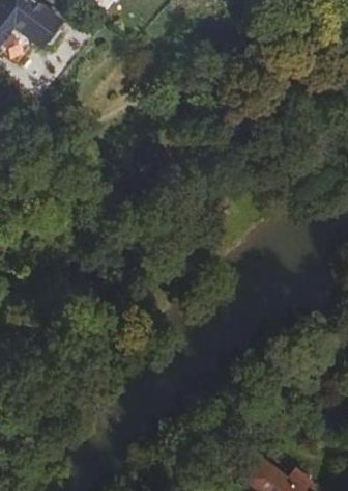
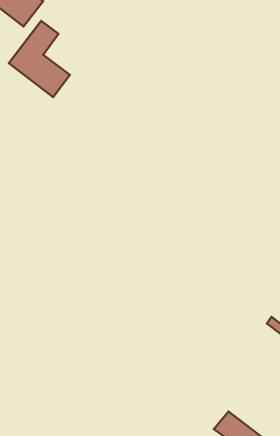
building: none -> [9,21,70,97]

